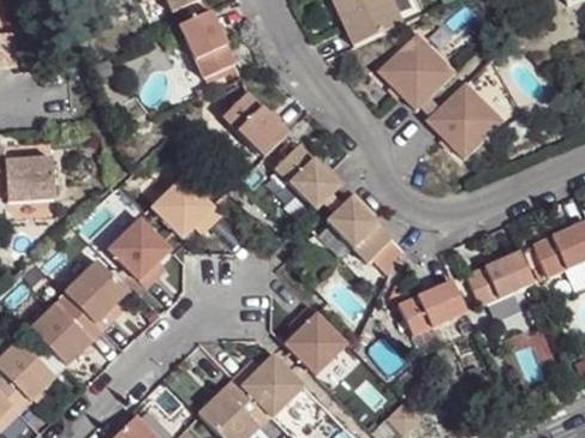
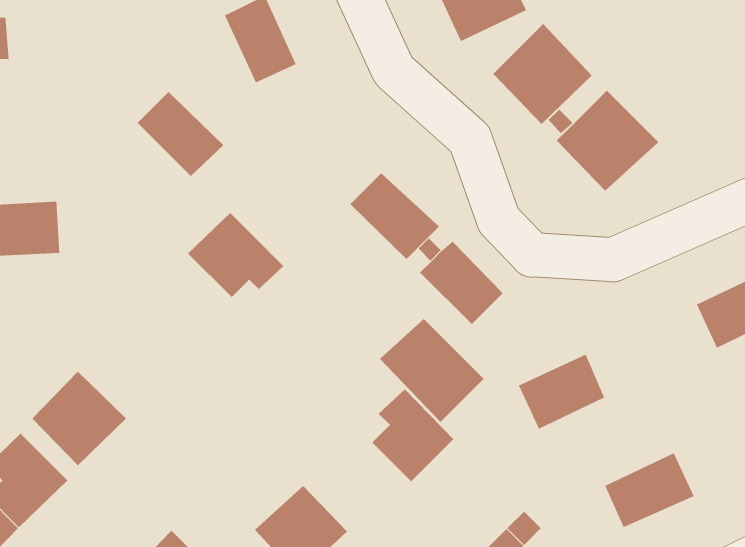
building: [220,91,286,156] -> [137,91,224,177]
building: [106,216,171,287] -> none
building: [465,248,533,306] -> [604,452,695,528]
building: none -> [379,318,484,423]
building: [64,258,127,329] -> none
building: [237,356,308,419] -> none

